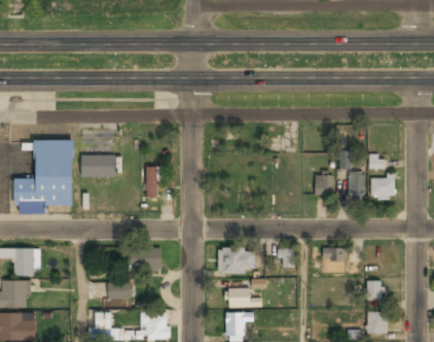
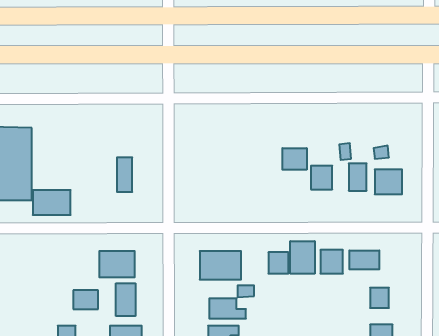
building: [83,155,116,176] -> [33,190,71,215]
building: none -> [282,148,307,170]
building: none -> [290,241,315,274]
building: none -> [349,250,379,269]
building: none -> [116,283,135,316]

